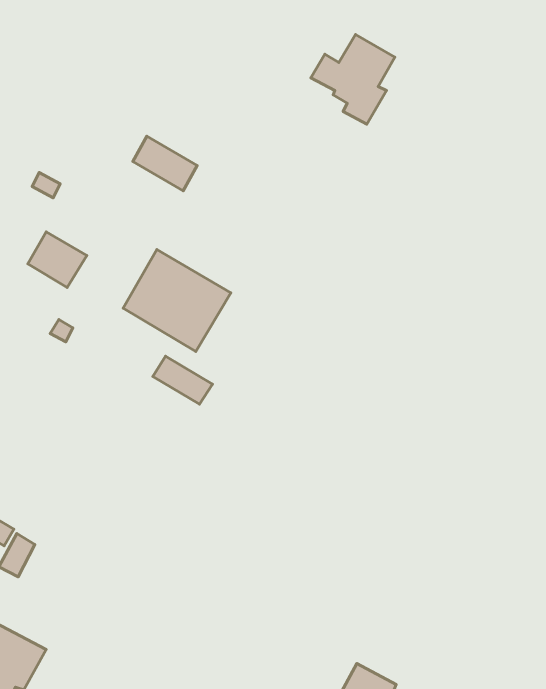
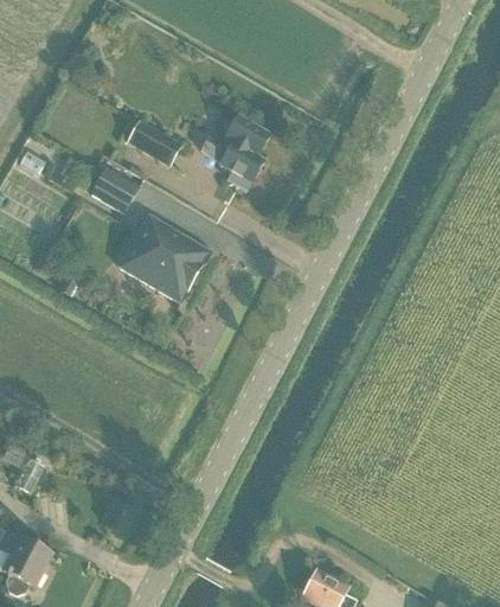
building: [311,35,395,124] -> [200,113,271,189]
building: [28,232,87,288] -> [90,165,140,212]
building: [153,356,212,404] -> none

